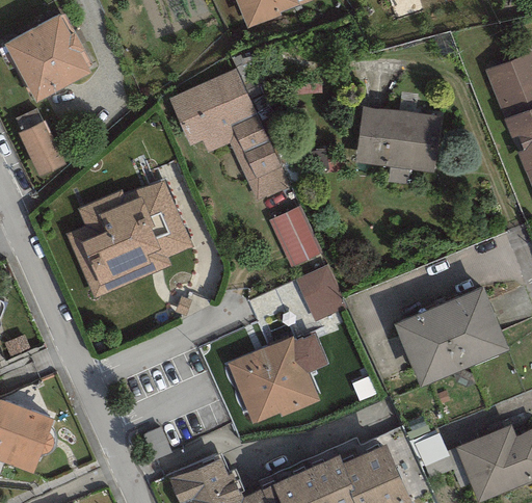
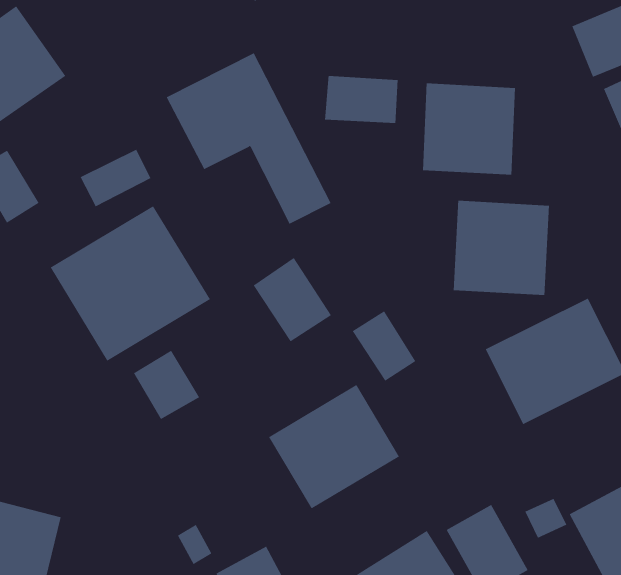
building: none -> [325,75,398,124]
building: none -> [80,149,151,207]
building: none -> [453,200,549,296]
building: [268,209,327,274] -> [253,257,332,342]
building: none -> [133,350,200,420]

